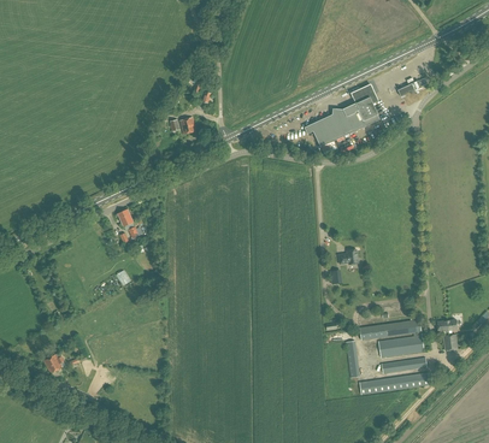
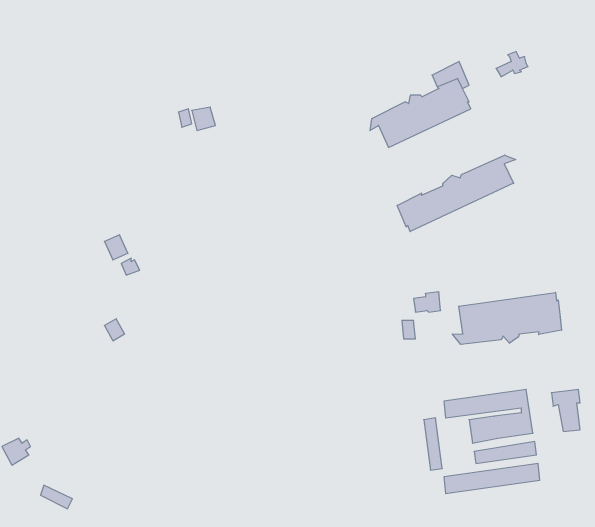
building: none -> [397,155,516,232]
building: none -> [452,292,562,344]

